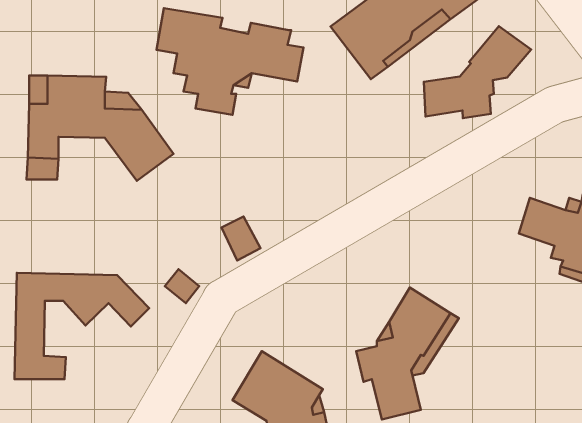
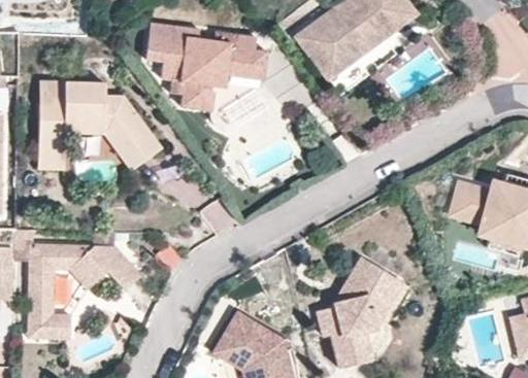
building: [424,26,531,118] -> none

